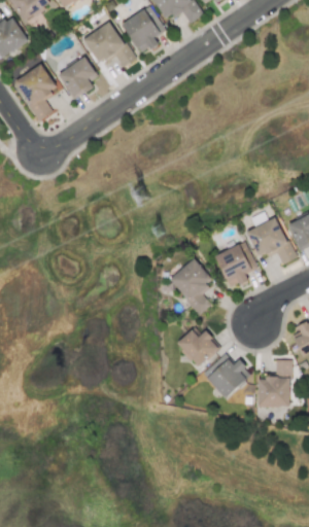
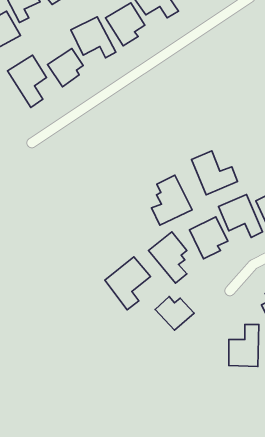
building: none -> [191,151,237,195]
building: none -> [152,175,192,225]
building: none -> [105,257,151,310]
building: [204,354,247,398] -> none

